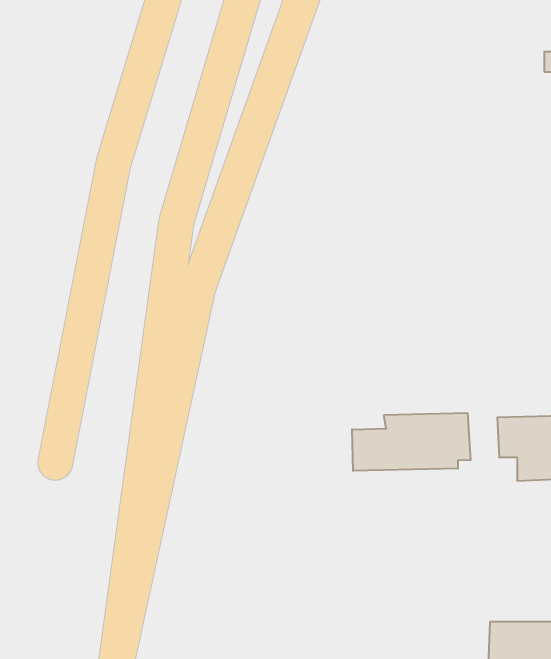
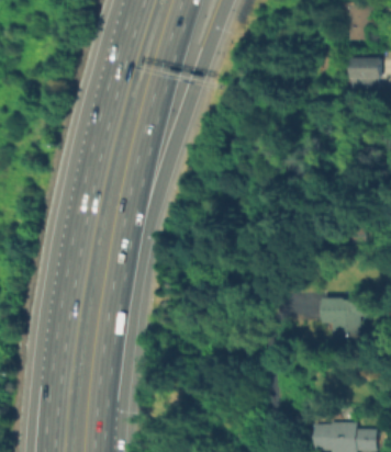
building: [352,413,471,471] -> none

